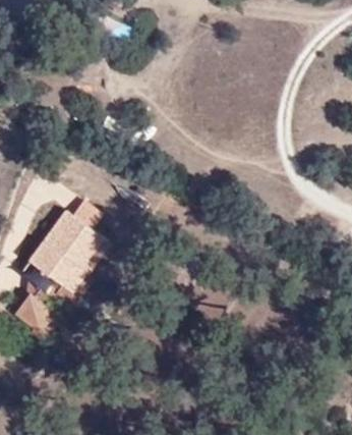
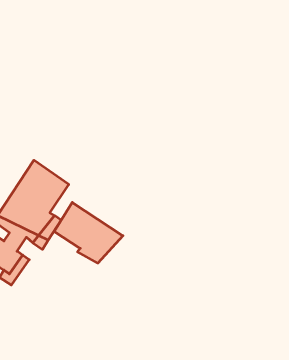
building: none -> [54,202,123,263]

